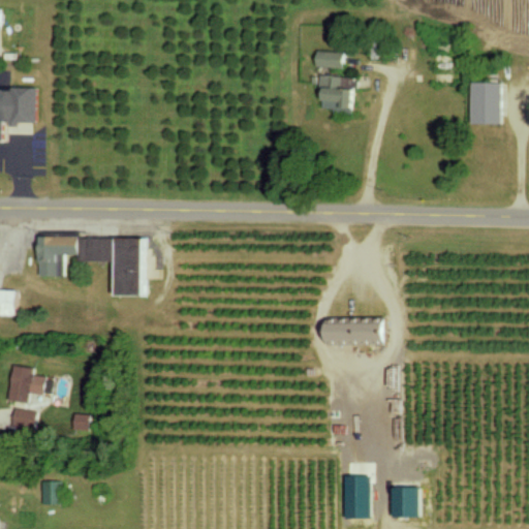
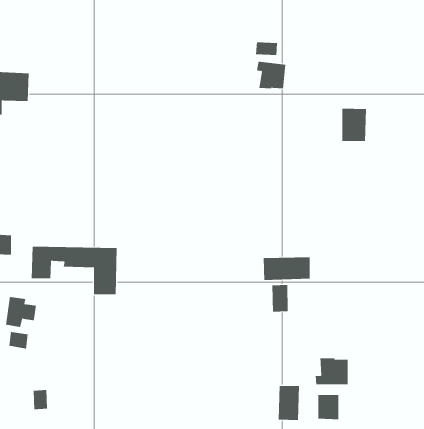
building: [469,83,500,124] -> [342,108,367,142]
building: [37,235,144,294] -> [31,246,117,295]
building: none -> [272,284,288,313]
building: none -> [315,357,348,385]

